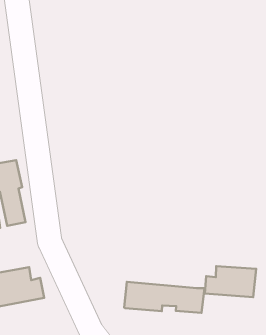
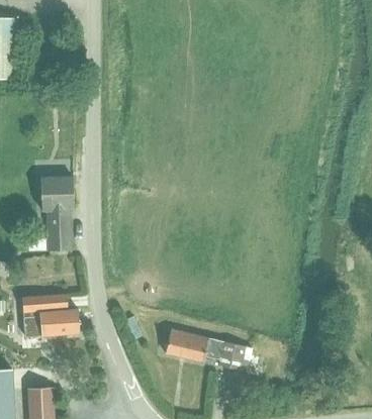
building: [205,266,256,297] -> none

